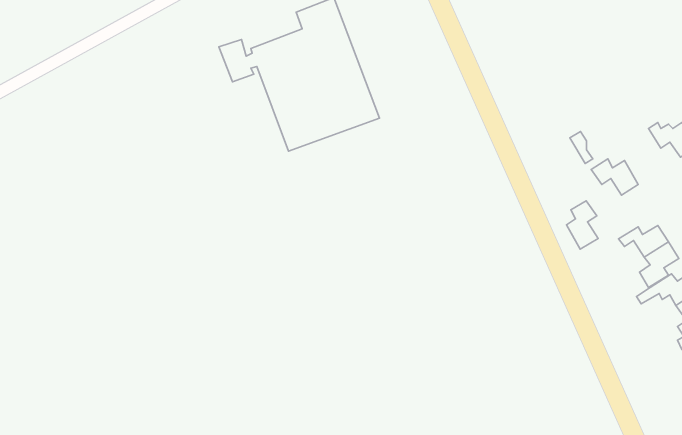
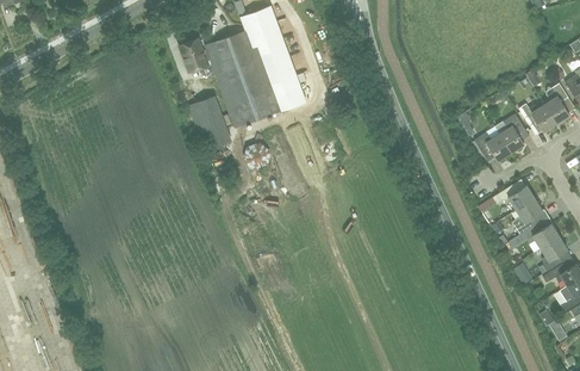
building: none -> [188,97,230,152]
building: [566,201,598,249] -> [499,116,524,154]

